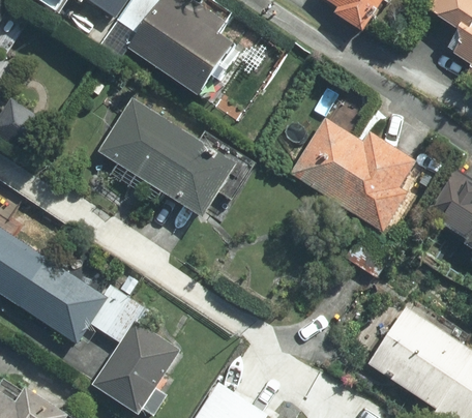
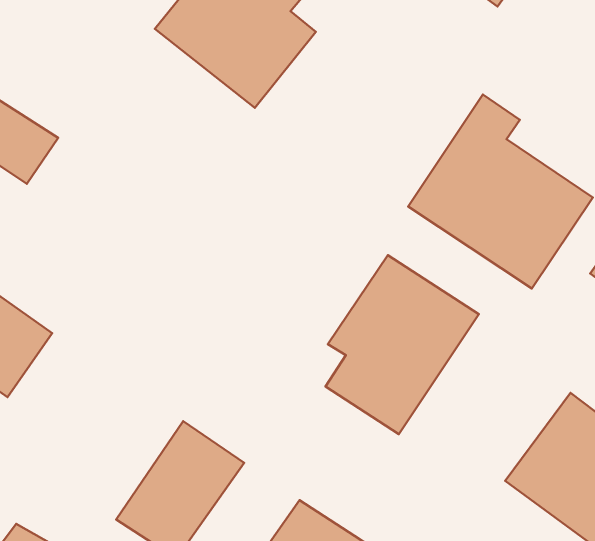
building: [95,98,239,225] -> none
building: none -> [326,255,479,434]
building: [18,258,108,344] -> none

